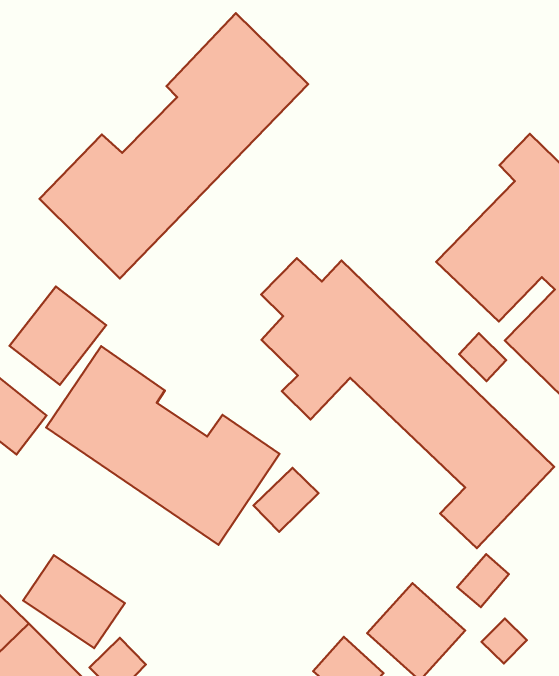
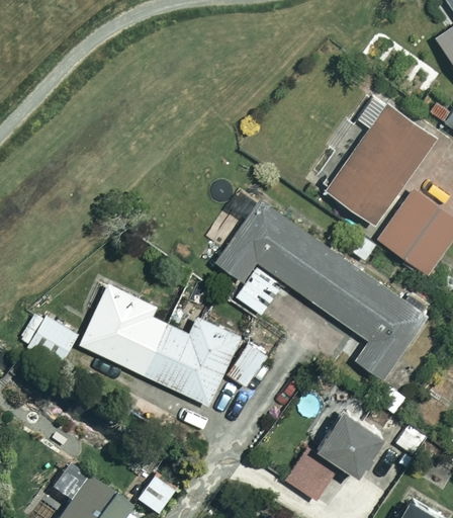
building: [40,13,308,278] -> none
building: [9,286,106,385] -> none
building: [23,555,125,648] -> none

